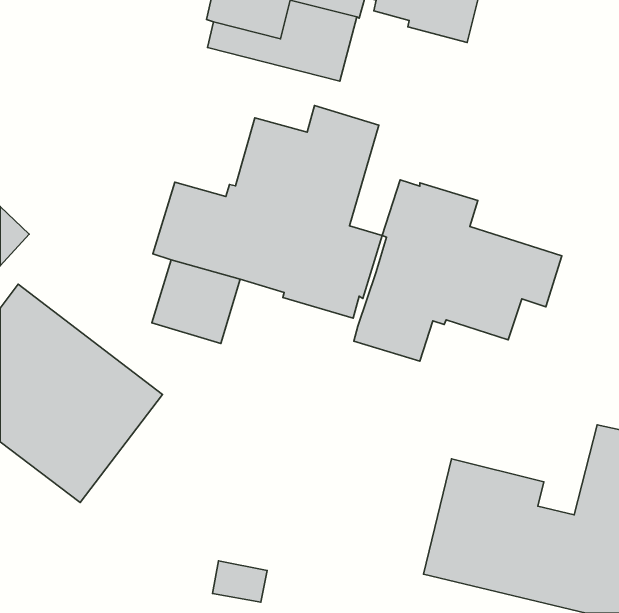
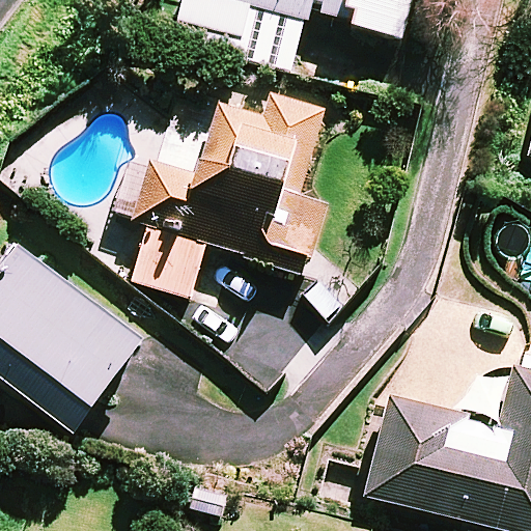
building: [354,180,562,361] -> none

